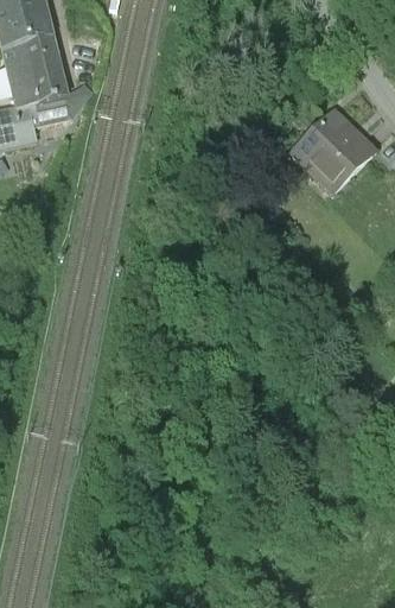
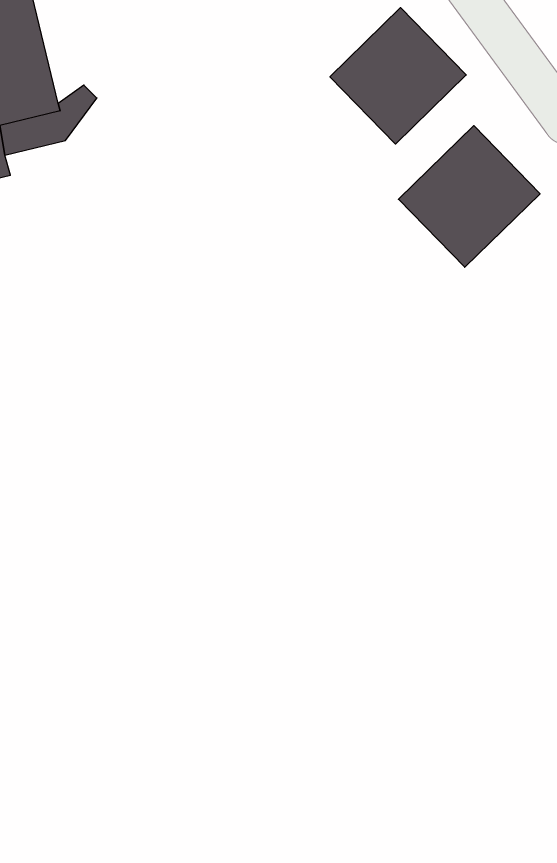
building: none -> [330,8,466,144]

